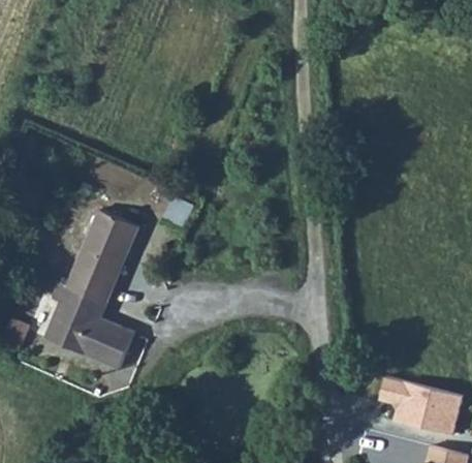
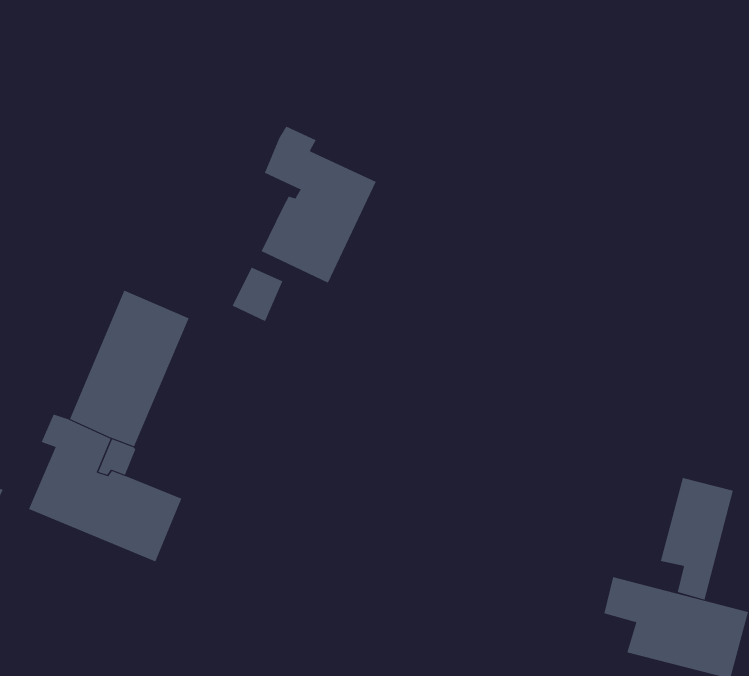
building: none -> [261,126,377,284]
building: none -> [660,477,734,600]

